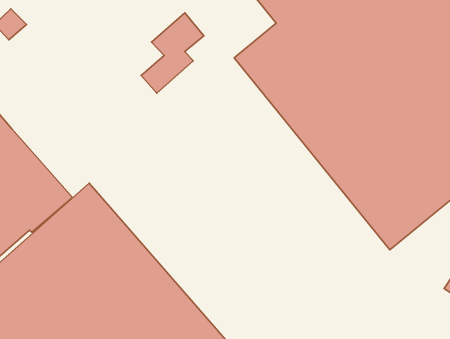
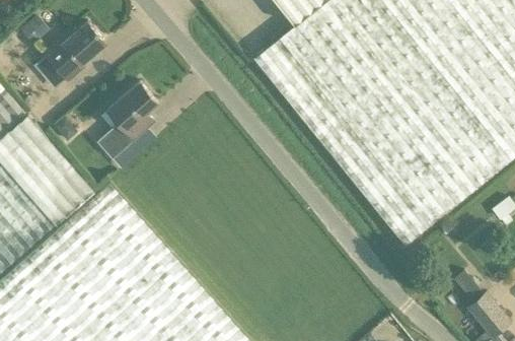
building: [141,13,204,93] -> [96,83,157,161]
building: none -> [44,23,104,82]

